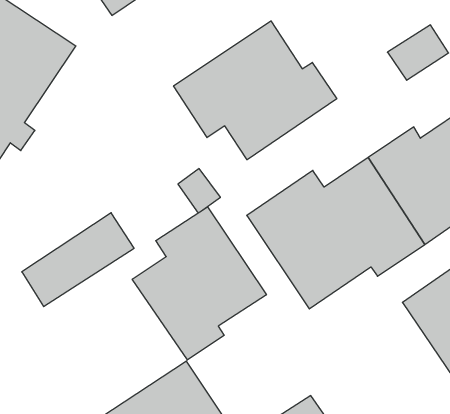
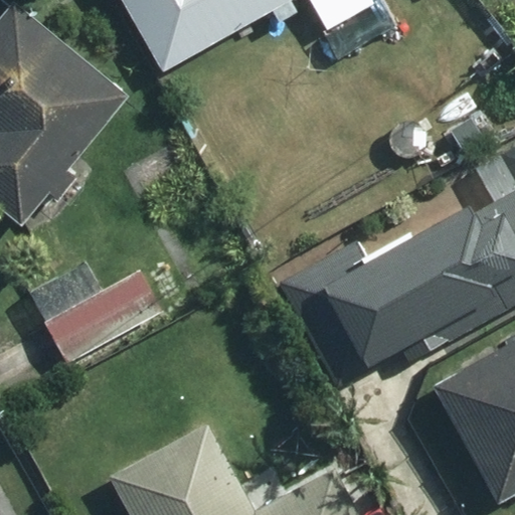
building: [174,21,337,160] -> none
building: [132,207,266,360] -> none

